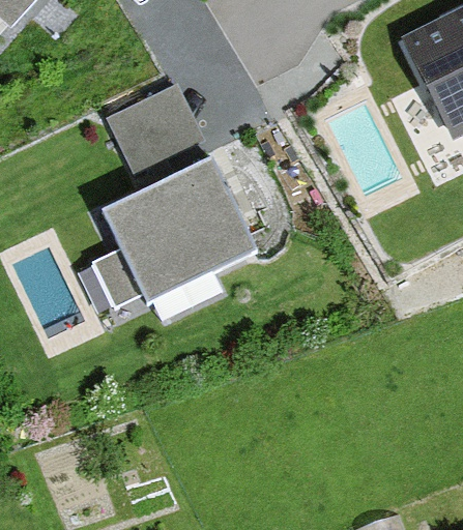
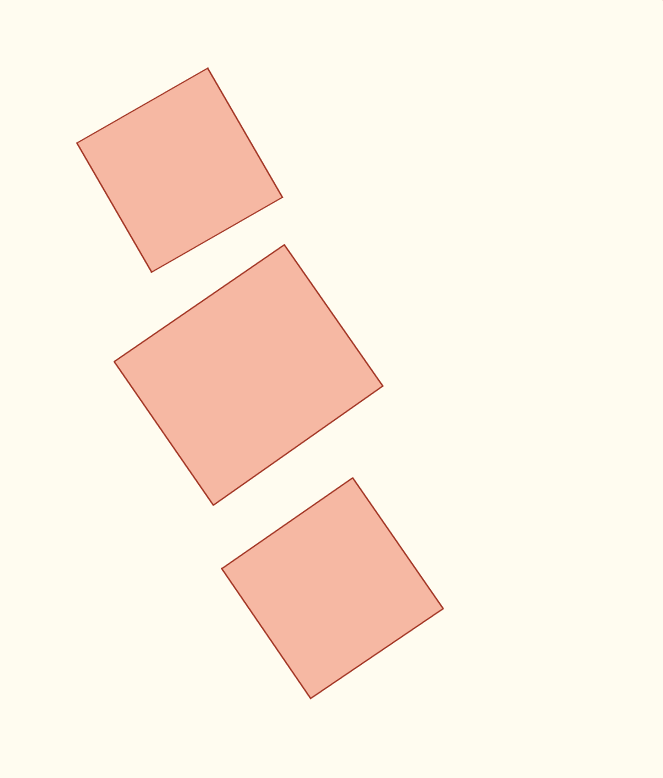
building: none -> [222,478,443,699]

